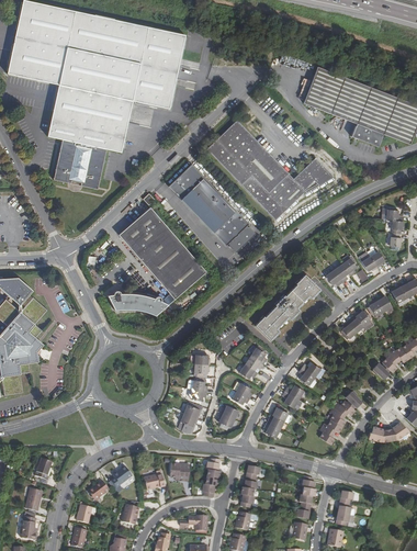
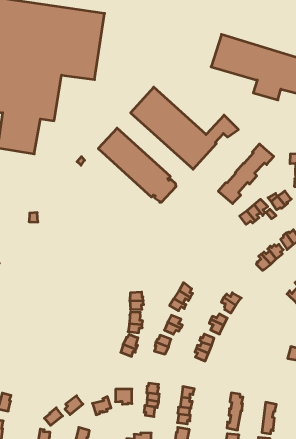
building: [119,207,205,299] -> none
building: [253,273,319,339] -> [218,144,274,204]
building: [105,291,168,314] -> none
building: [319,391,359,446] -> none

